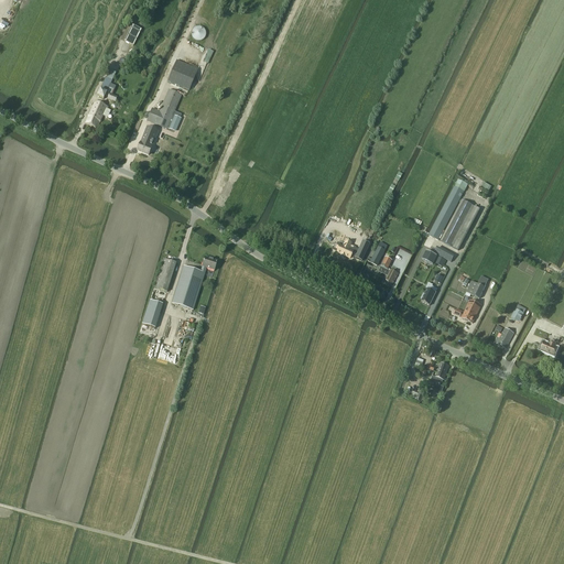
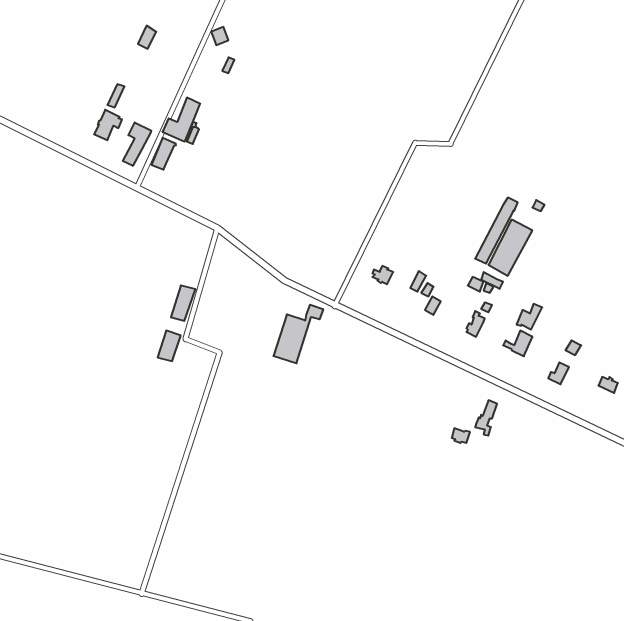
building: [166,58,197,88] -> none
building: none -> [123,122,151,166]
building: [172,256,217,308] -> [273,305,323,363]

